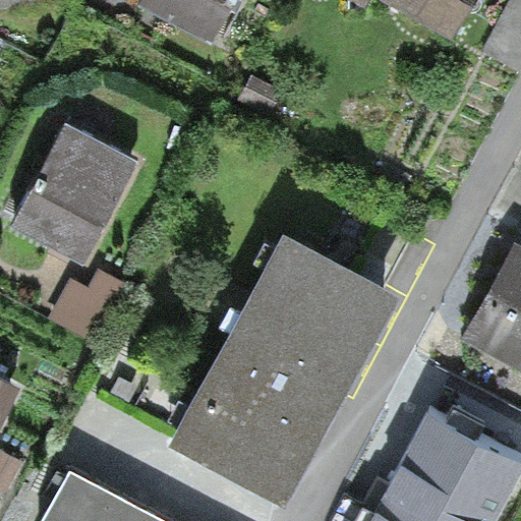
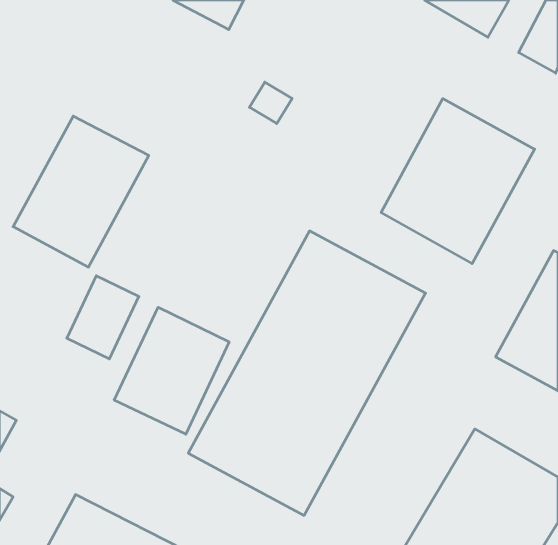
building: none -> [381,99,535,264]
building: none -> [114,307,229,434]

